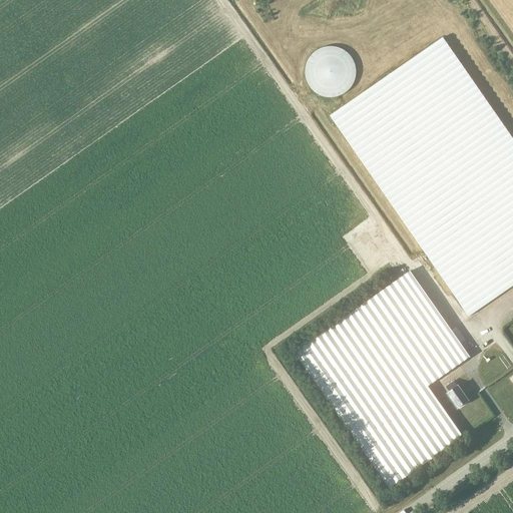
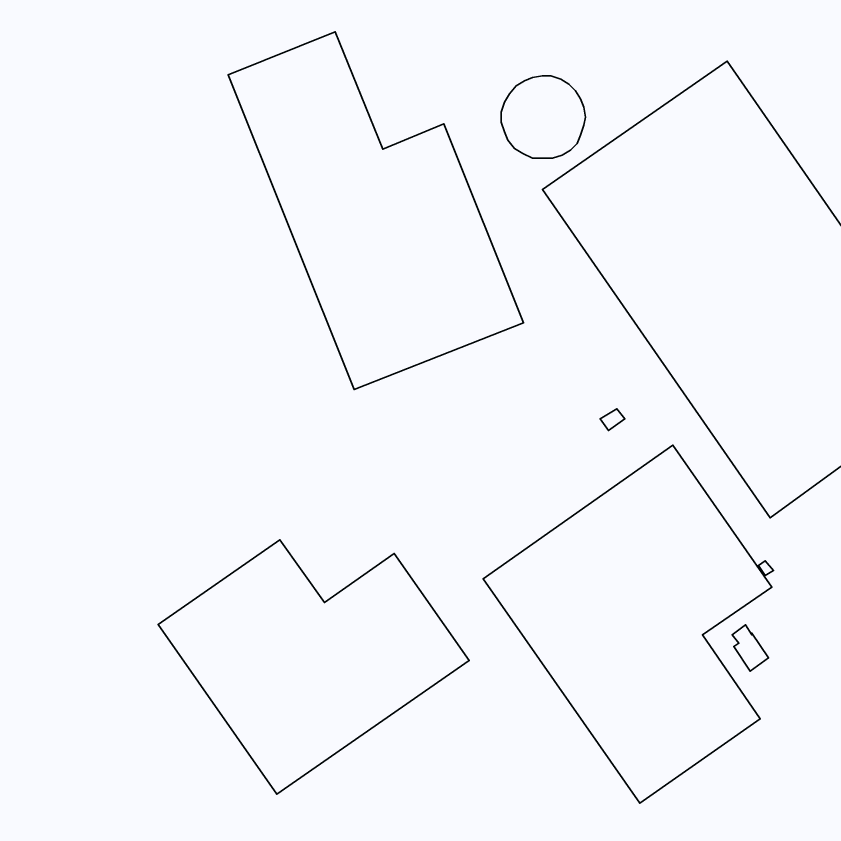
building: none -> [228,32,524,389]
building: none -> [158,540,469,794]

